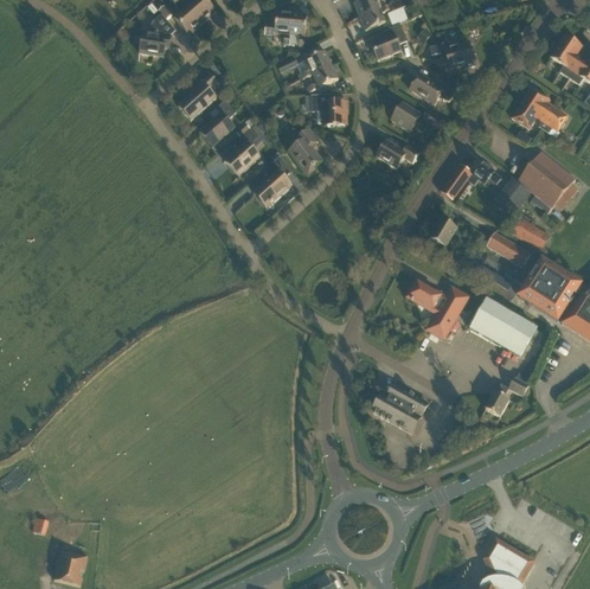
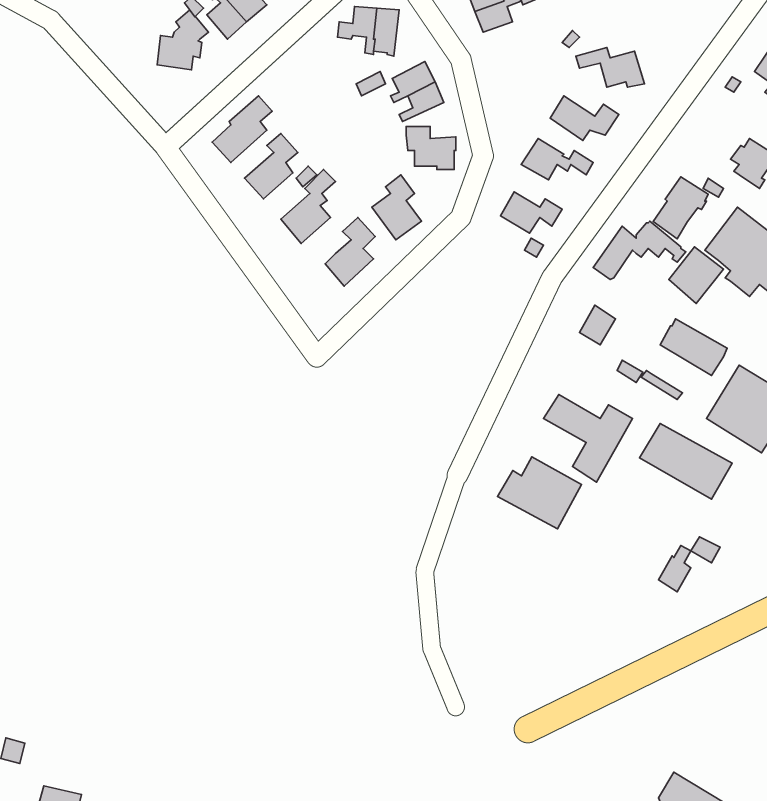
building: [370,21,408,58] -> none
building: [512,85,550,128] -> [653,177,708,239]
building: [509,216,551,250] -> none
building: [371,383,429,433] -> [497,457,581,529]

